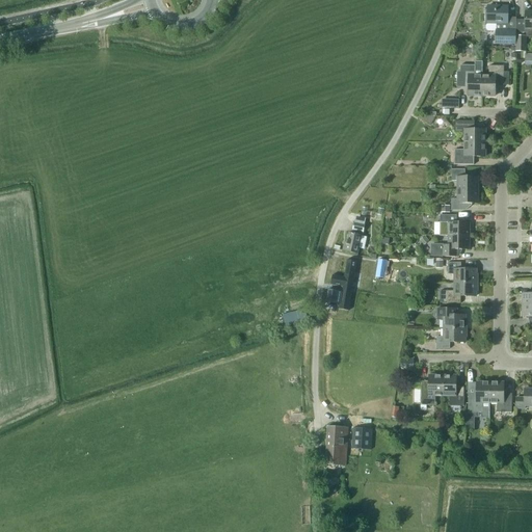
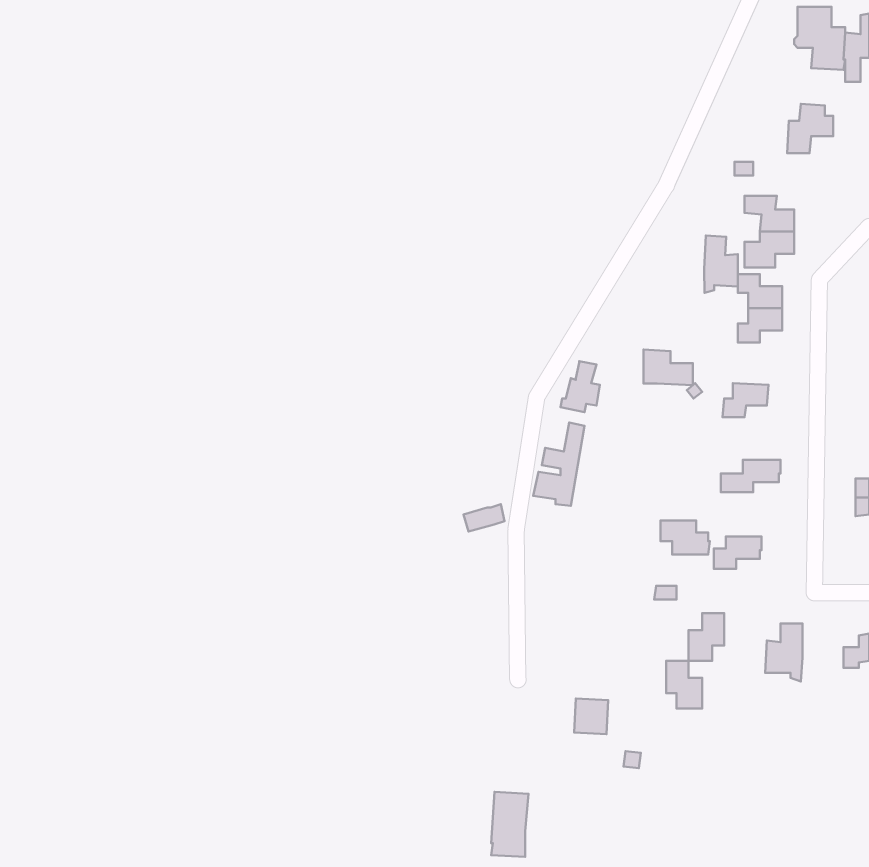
building: [459,59,481,94] -> none
building: none -> [704,236,738,293]
building: [438,213,469,235] -> [643,349,693,385]
building: [447,261,476,281] -> none
building: [435,307,466,327] -> [660,521,710,555]
building: [442,374,463,403] -> [666,661,702,709]
building: [489,380,511,410] -> none
building: [324,425,347,464] -> [491,792,529,857]

